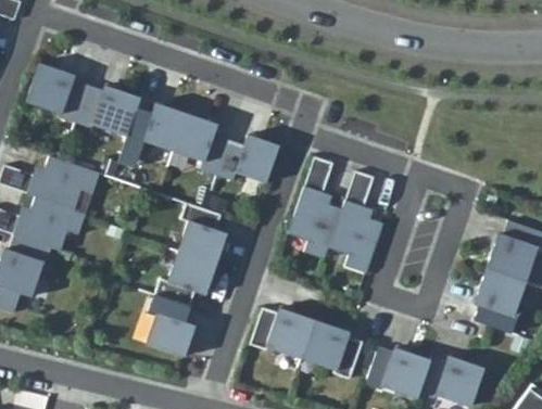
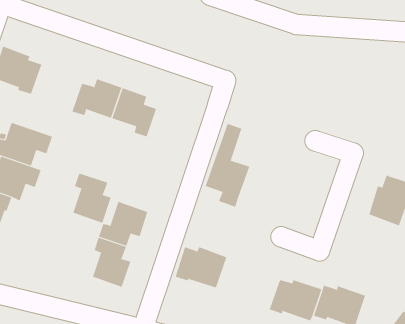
building: [75,85,139,136] -> none
building: [216,135,278,182] -> none
building: [328,170,382,273] -> none
building: [180,203,228,265] -> [73,173,112,223]
building: [474,268,525,333] -> none
building: [301,320,363,379] -> none

